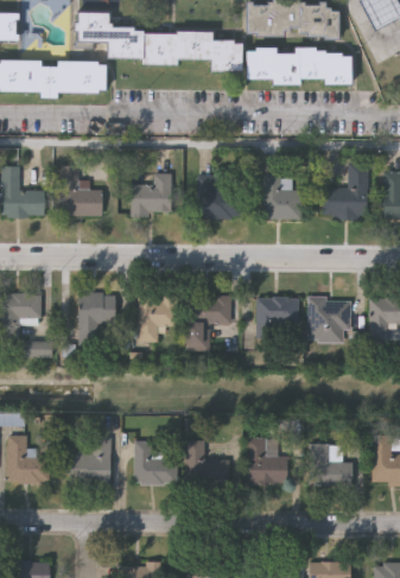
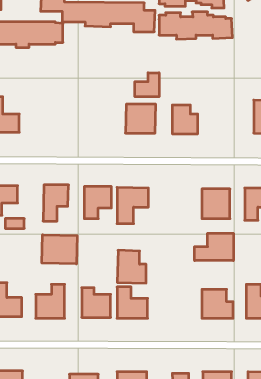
building: none -> [135,73,159,97]
building: [322,164,367,218] -> none
building: [61,165,102,216] -> none
building: [132,172,171,214] -> none
building: [255,298,298,337] -> none
building: none -> [195,233,233,261]
building: none -> [42,235,77,264]
building: [246,437,287,484] -> [117,250,146,283]

